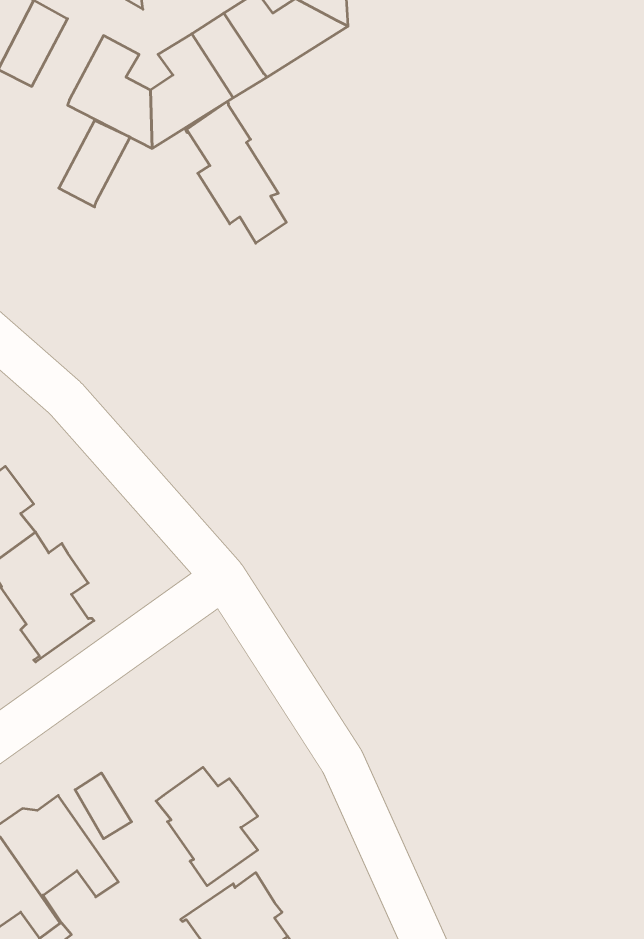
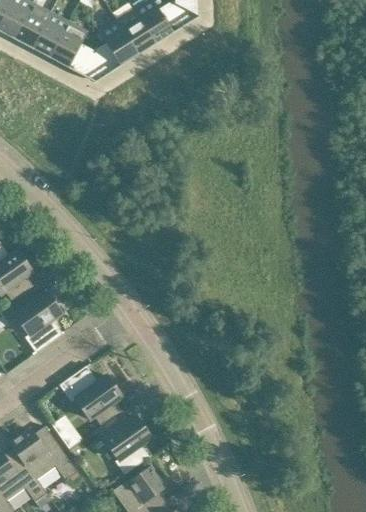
building: [186,102,286,243] -> none
building: [59,120,130,207] -> [32,12,70,58]
building: none -> [60,363,123,425]

